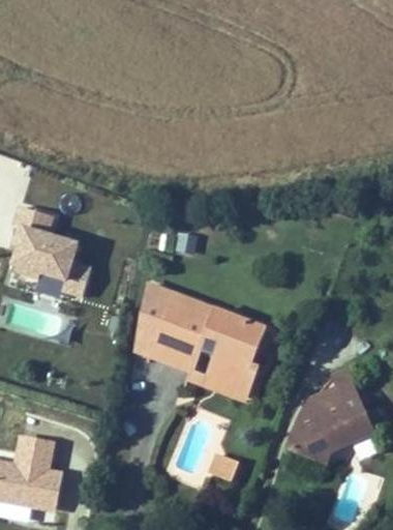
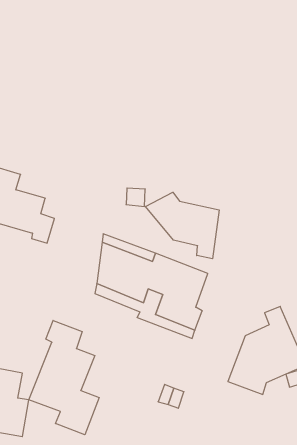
building: none -> [146,192,219,259]
building: none -> [29,320,99,435]

